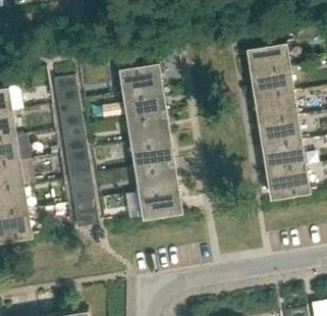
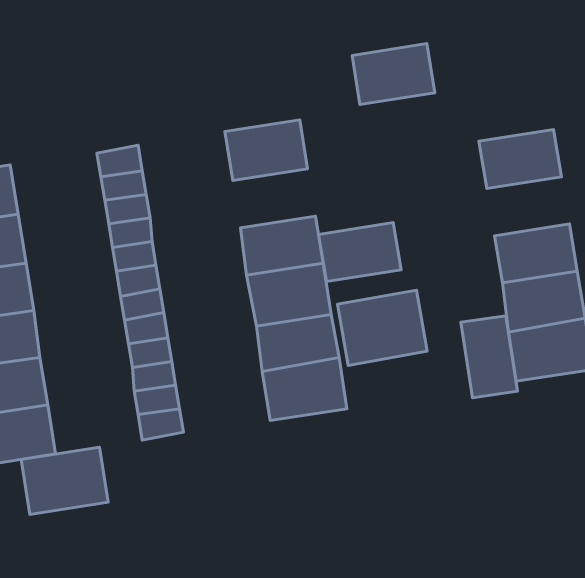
building: [247,44,289,75] -> [352,44,435,105]
building: [123,90,166,120] -> [318,223,401,282]
building: [255,94,297,124] -> none
building: none -> [338,290,427,365]
building: none -> [461,316,517,398]
building: none -> [21,447,108,515]

